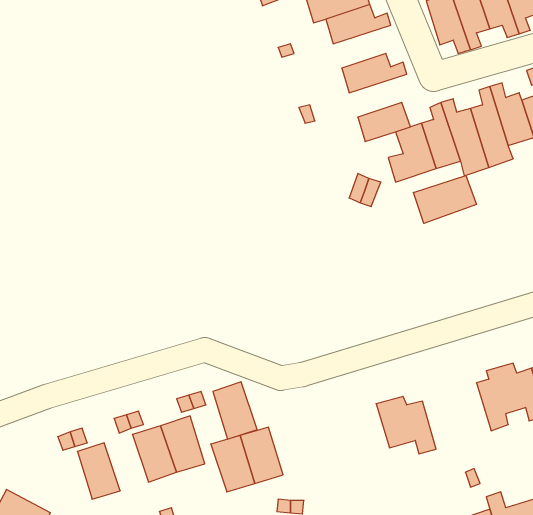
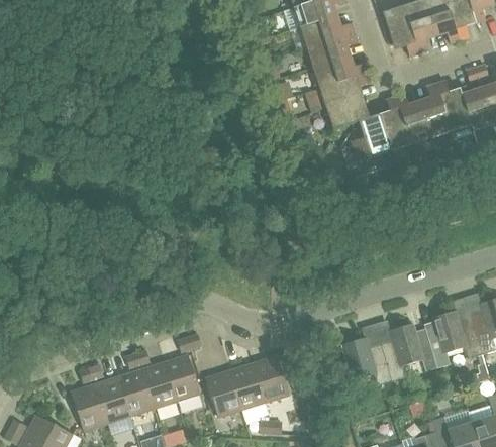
building: none -> [306,31,357,67]
building: none -> [319,72,370,107]
building: [413,175,477,223] -> none
building: none -> [380,322,423,380]
building: [213,382,257,439] -> [253,354,289,402]
building: none -> [117,368,154,415]
building: none -> [71,382,107,430]

